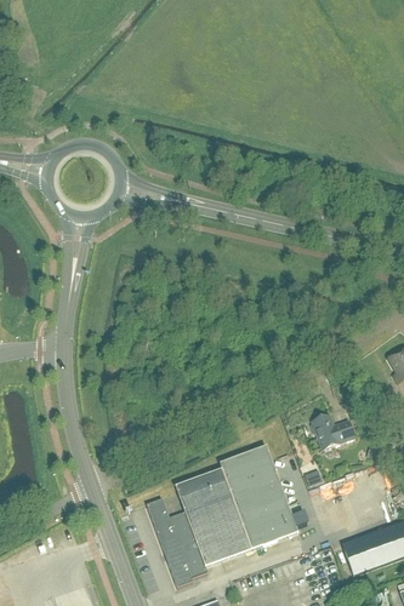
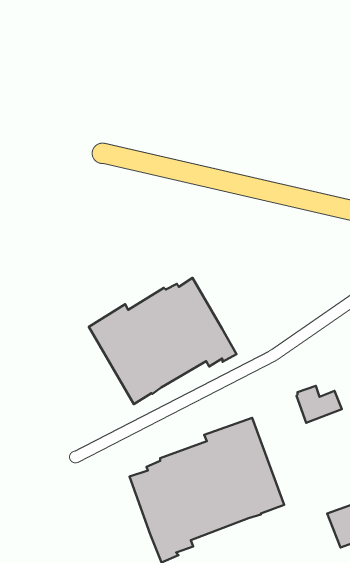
building: none -> [89,278,237,404]

